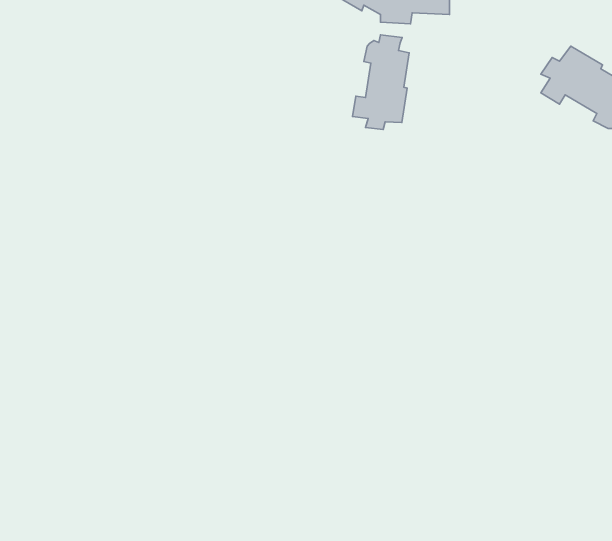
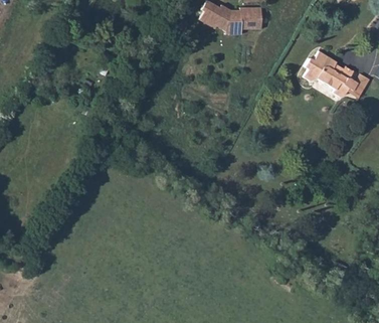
building: [353,35,409,129] -> none

